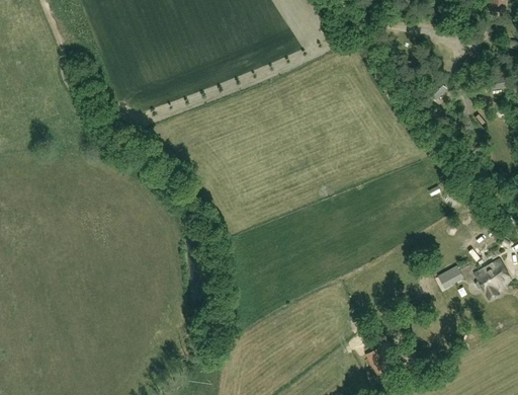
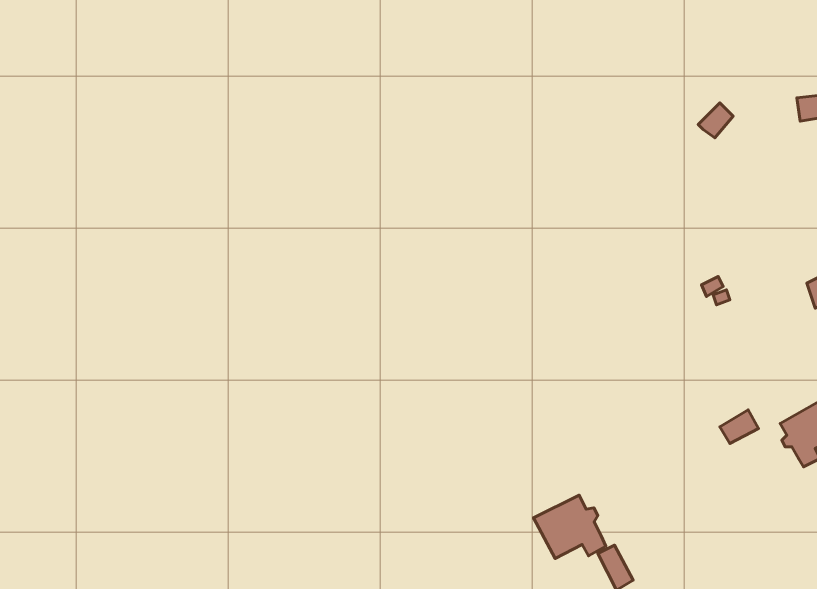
building: none -> [534,495,606,559]

